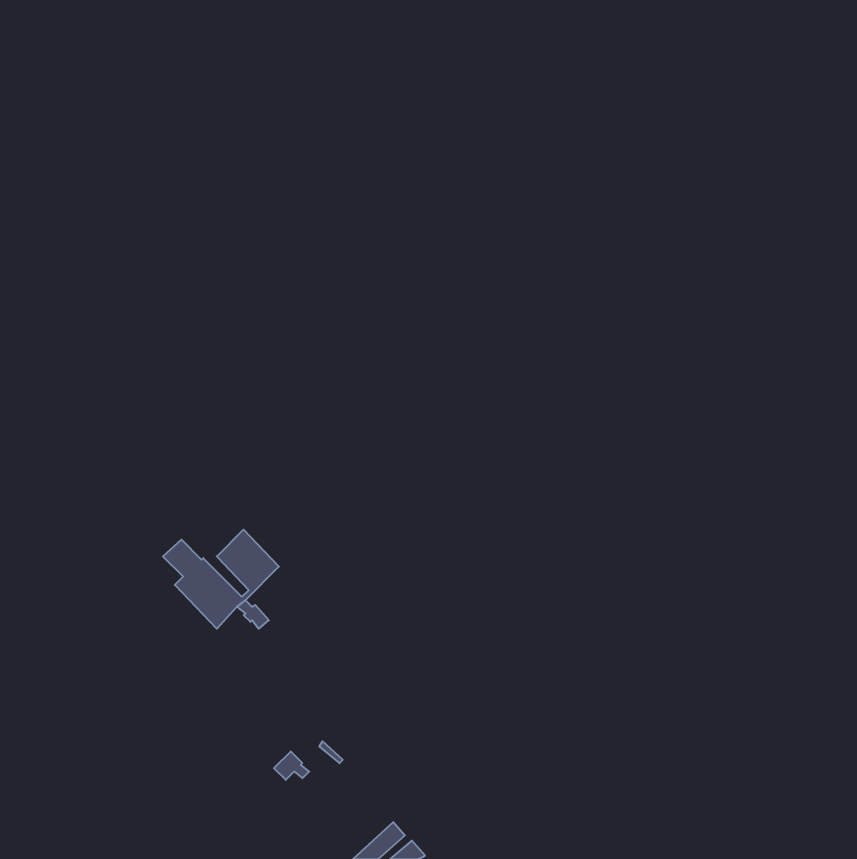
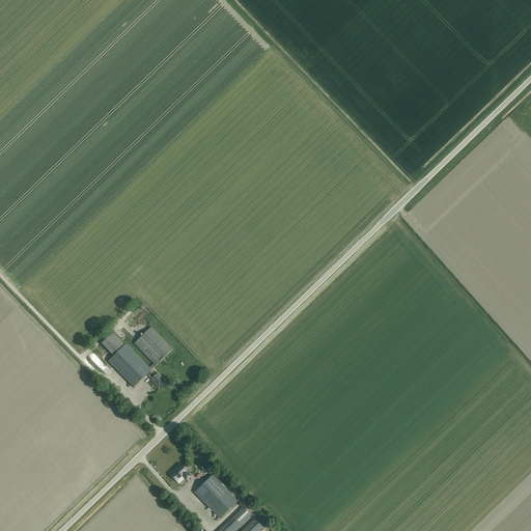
building: none -> [195,475,239,519]

